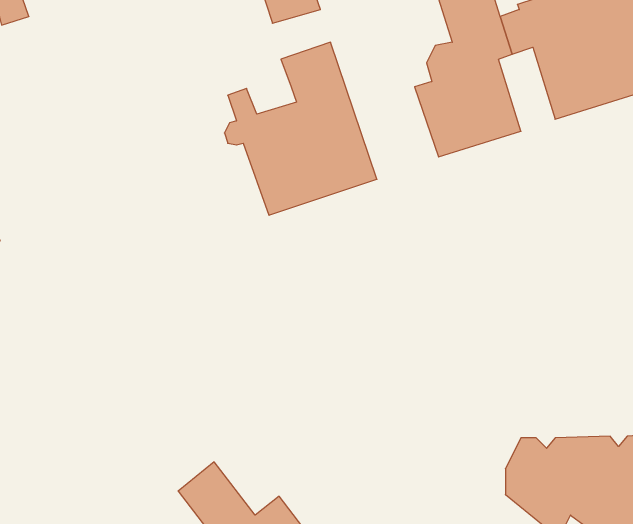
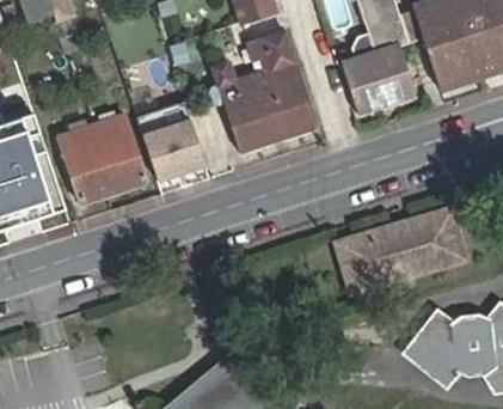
building: none -> [135,99,204,178]
building: none -> [59,115,145,204]
building: none -> [336,208,462,289]

